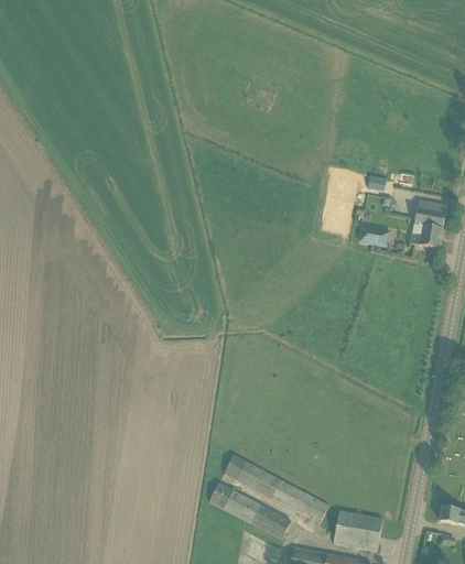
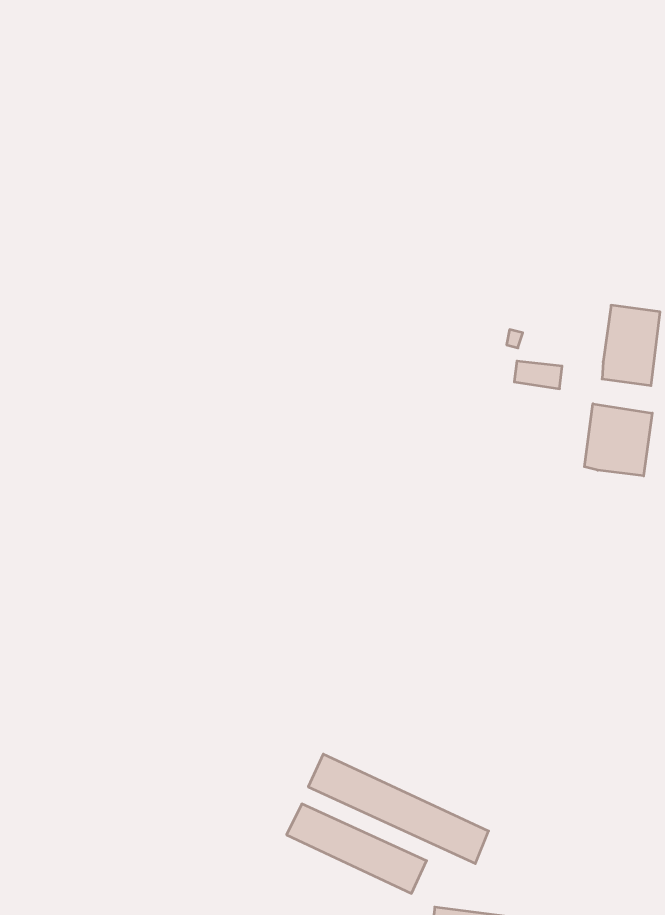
building: none -> [584,404,652,476]
building: [333,510,382,551] -> none

